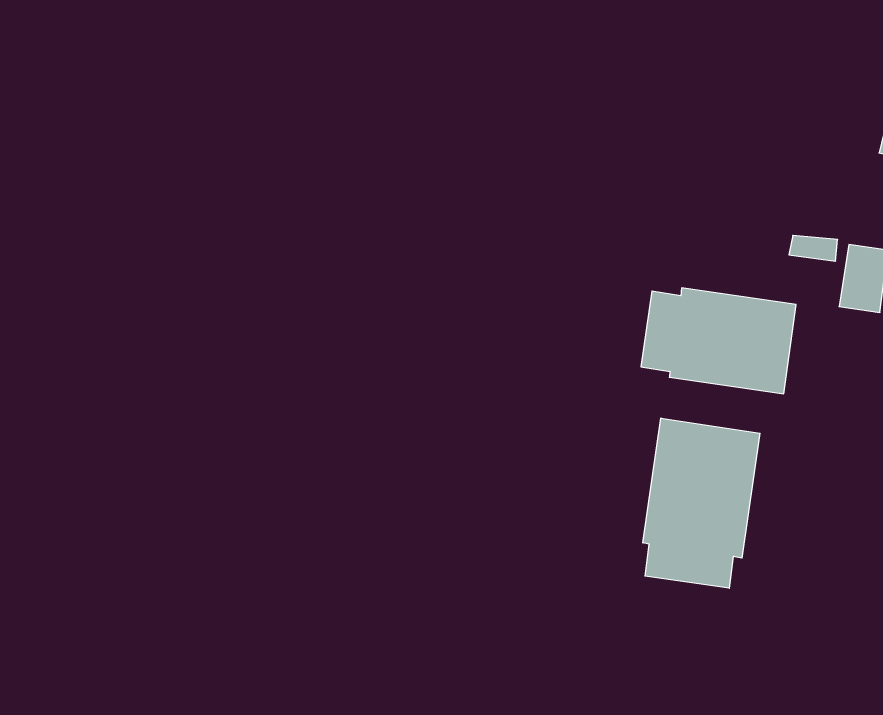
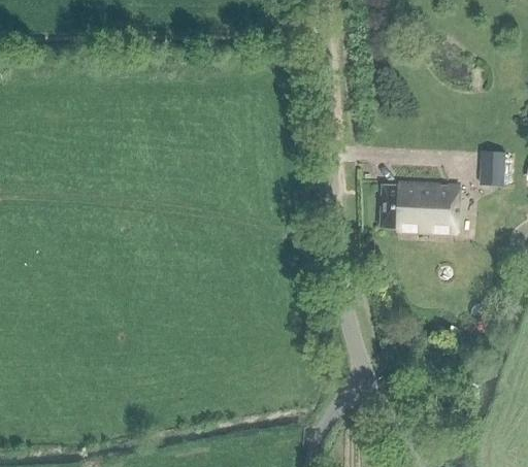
building: [643,418,760,588] -> none

